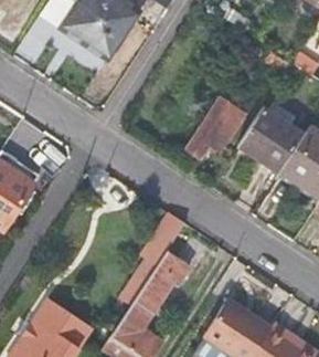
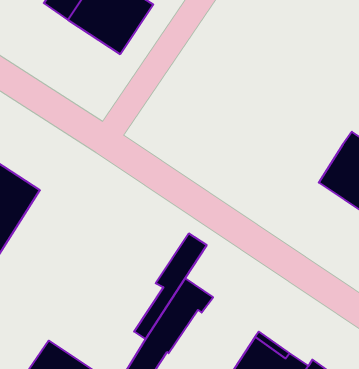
building: [185,95,245,158] -> none
building: [236,107,301,172] -> none

